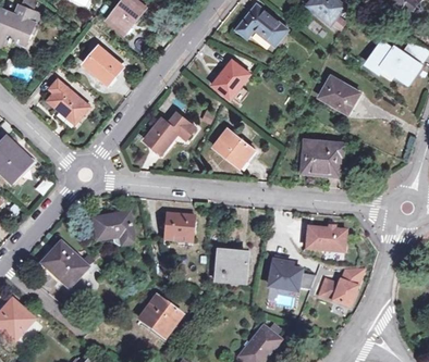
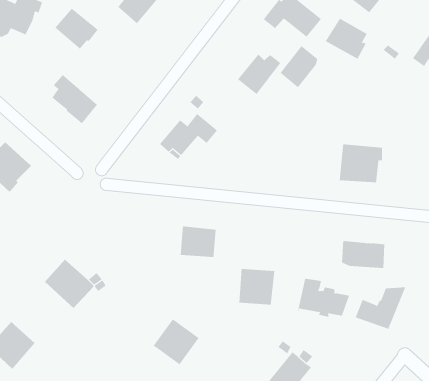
building: [84,45,123,82] -> [55,8,99,49]
building: none -> [280,45,318,88]
building: [319,75,357,112] -> [325,18,368,59]
building: [213,128,255,165] -> none
building: [91,211,134,244] -> none

